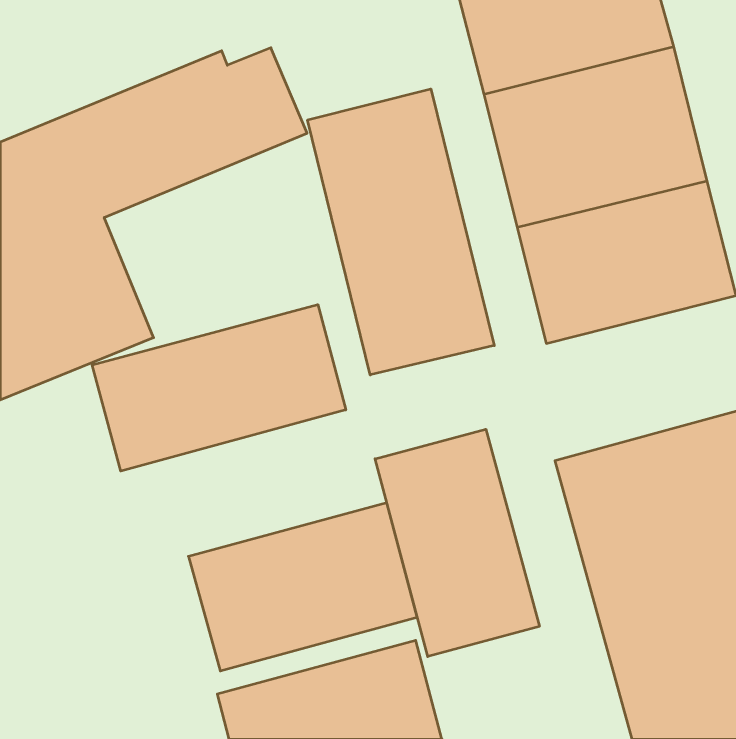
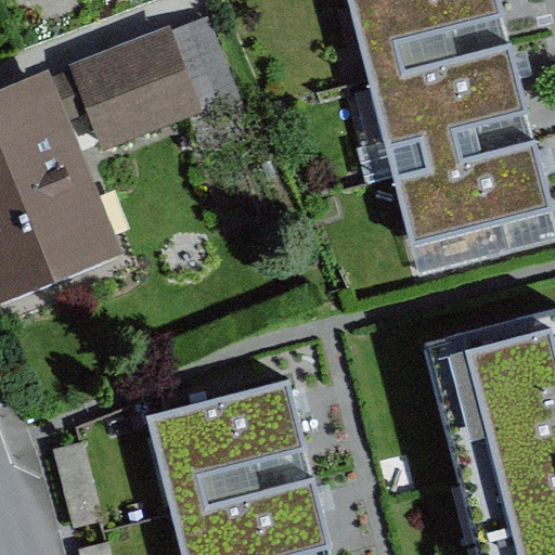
building: [308,89,494,375] -> none
building: [92,305,346,471] -> none
building: [375,429,539,657] -> none

